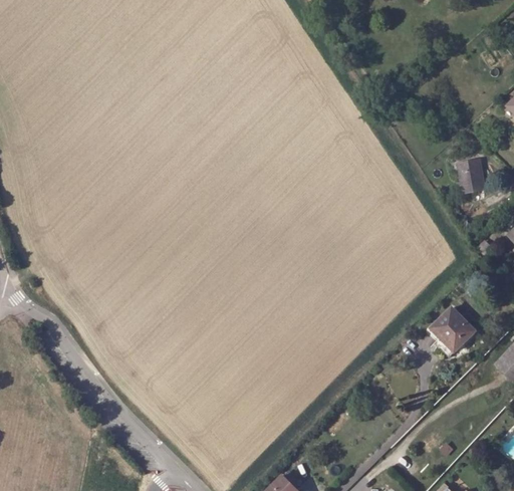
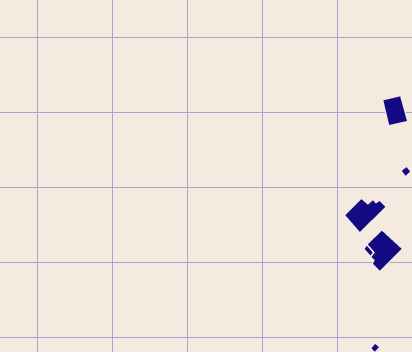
building: none -> [344,198,386,233]

